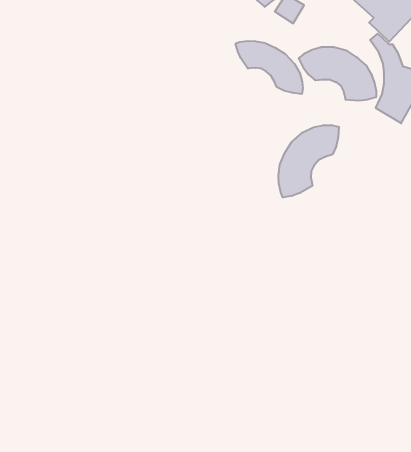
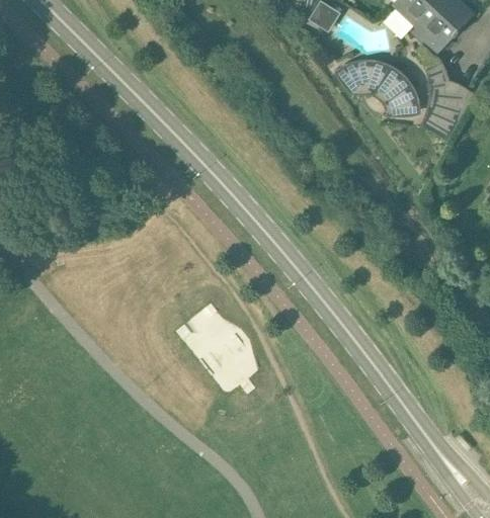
building: [236,41,303,94] -> none
building: [278,125,339,198] -> none

